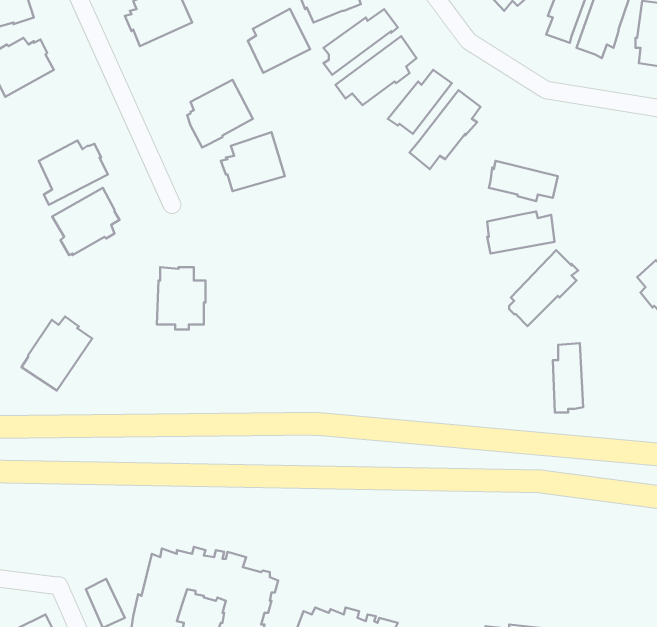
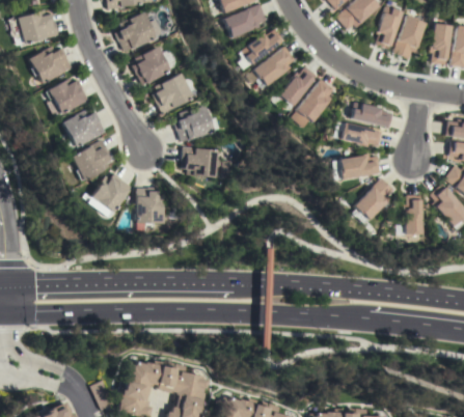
building: [248,9,310,73] -> [133,46,171,85]
building: none -> [46,78,88,114]
building: none -> [351,102,392,128]
building: none -> [182,147,223,177]
building: [21,316,92,391] -> [87,172,131,218]
building: [553,343,583,412] -> [404,194,422,237]

